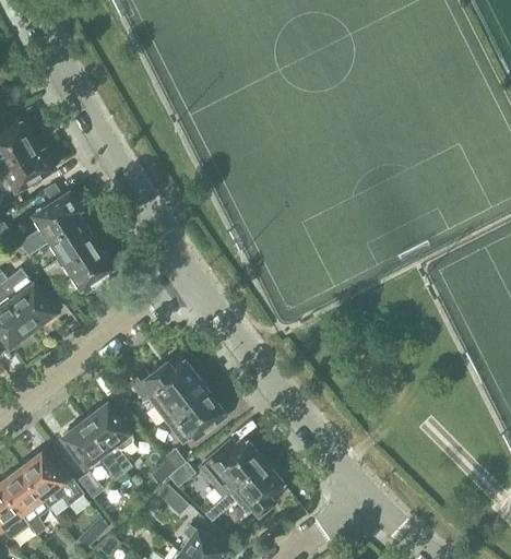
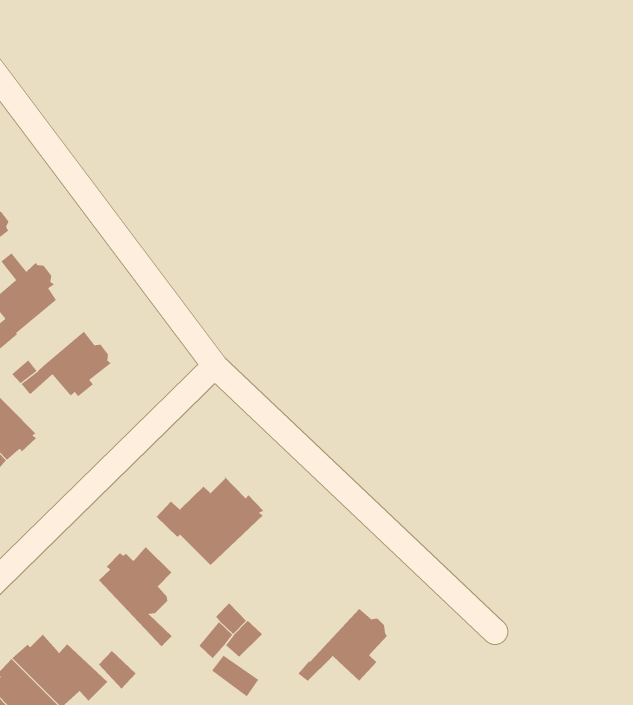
building: [49,222,96,266] -> none
building: [164,391,224,444] -> none
building: [61,421,122,480] -> none
building: [200,442,264,497] -> none

